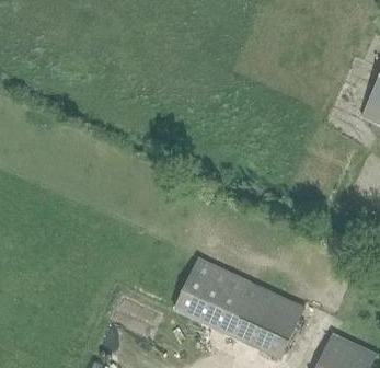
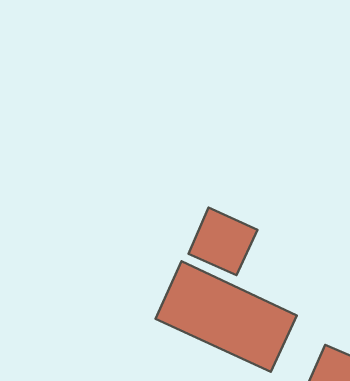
building: none -> [188,207,257,275]

